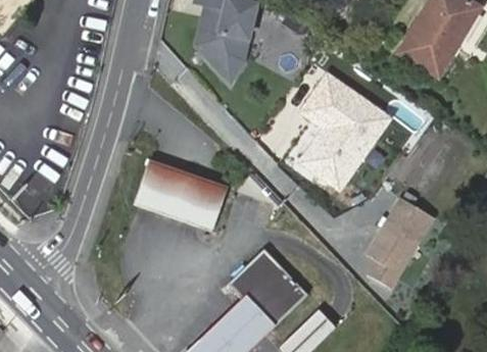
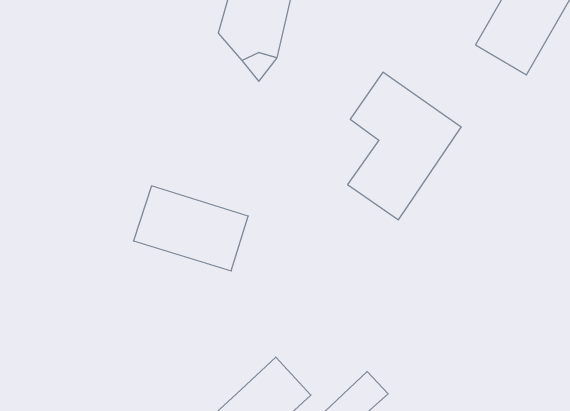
building: [366,199,437,293] -> none
building: [229,252,303,326] -> none

